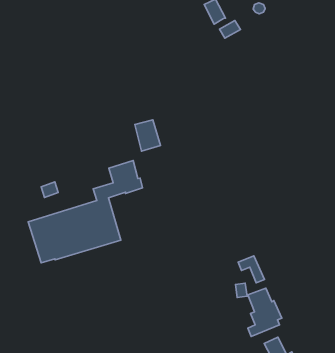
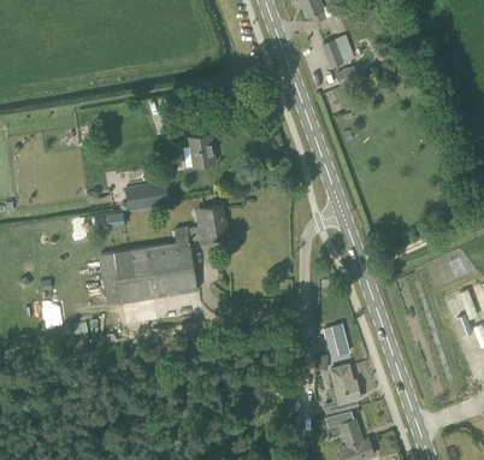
building: [135,120,161,151] -> [189,134,214,166]
building: none -> [124,179,169,210]

